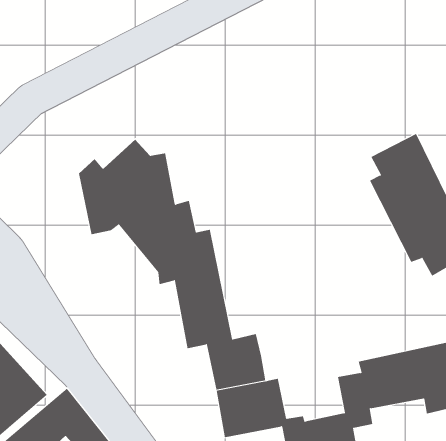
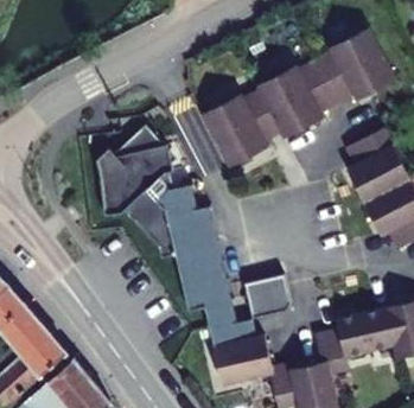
building: none -> [205,24,396,162]
building: none -> [242,275,288,318]

